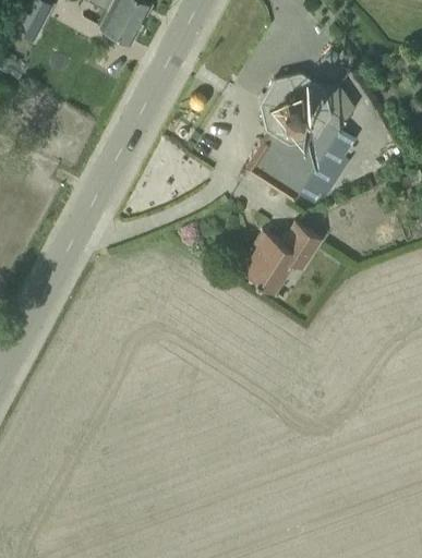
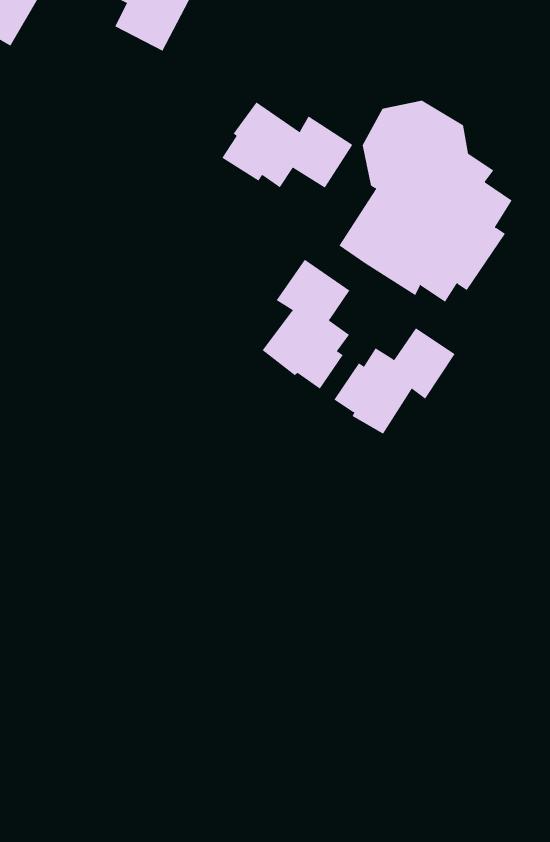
building: none -> [222,102,353,189]
building: none -> [262,259,350,389]

